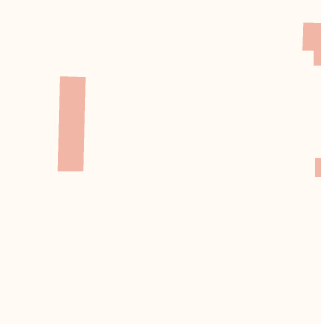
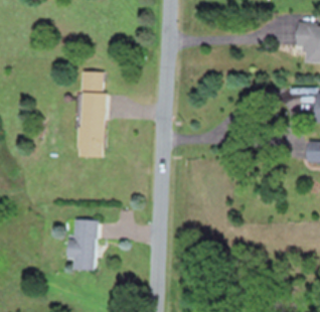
building: none -> [66,218,96,270]

